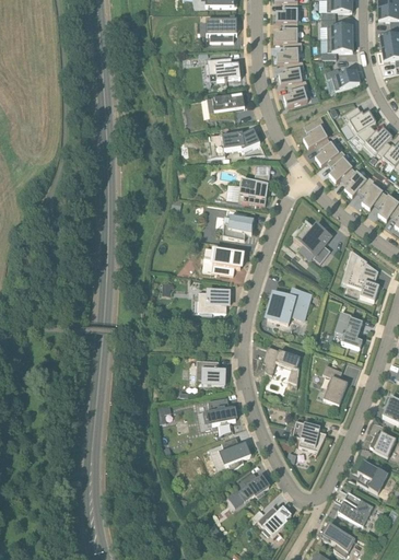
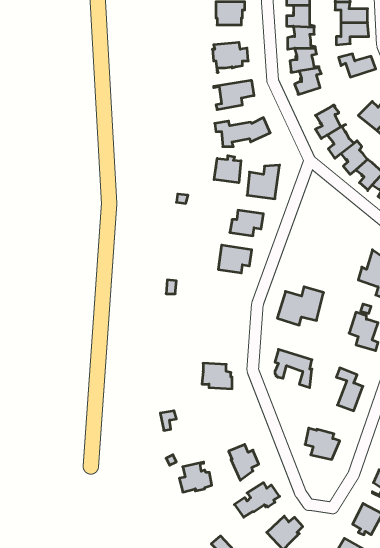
building: none -> [214,156,241,183]
building: [293,220,330,262] -> none
building: [198,290,226,312] -> none
building: [204,397,235,425] -> [179,462,212,492]

